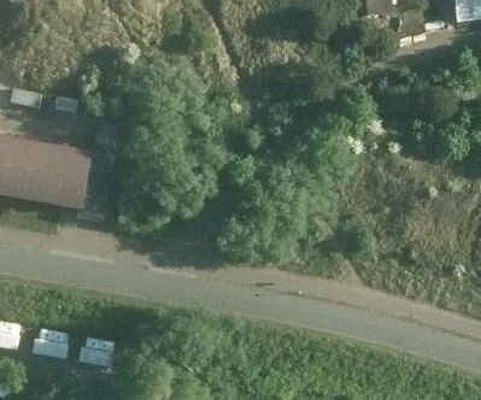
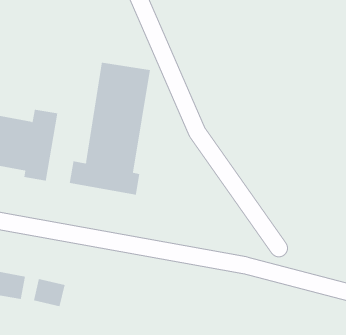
building: none -> [69,62,150,195]

